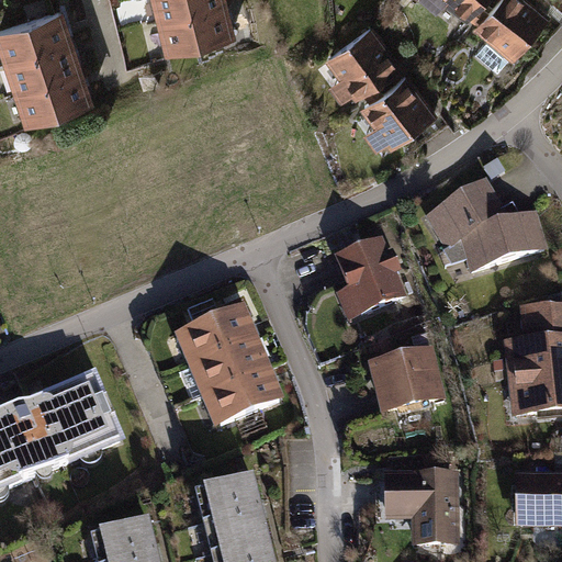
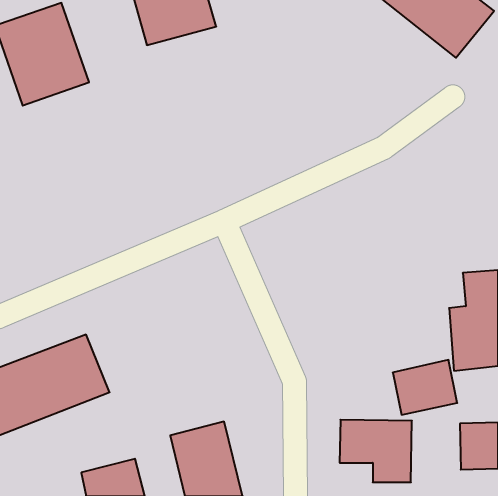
building: [324,18,437,142] -> none
building: [427,184,541,263] -> none
building: [333,233,412,321] -> none
building: [175,306,283,427] -> none
building: [369,348,441,409] -> [393,360,457,415]

